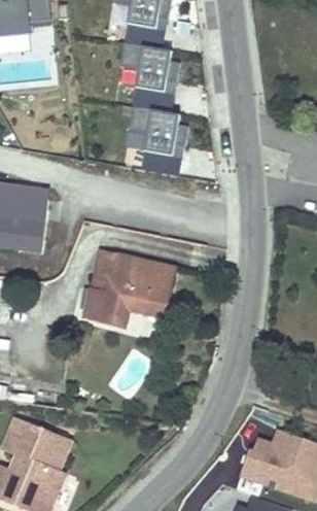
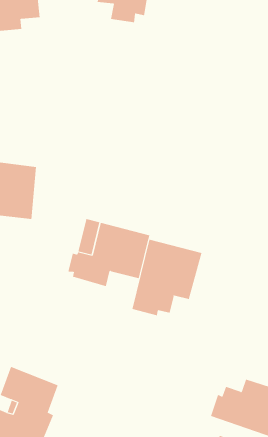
building: [122,45,179,92] -> none
building: [129,108,186,155] -> none
building: none -> [132,239,202,316]

